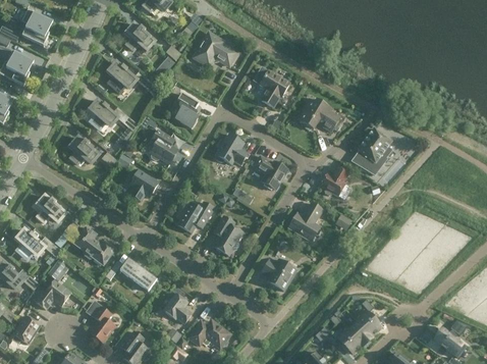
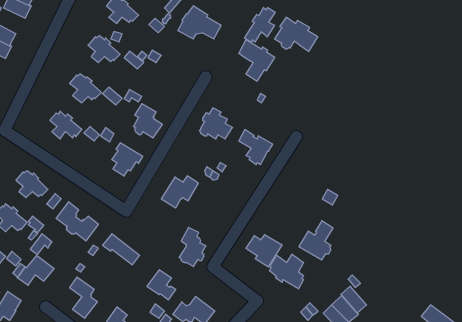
building: none -> [244,7,275,43]
building: [176,93,198,127] -> none
building: [296,98,339,132] -> [275,17,318,51]
building: [357,127,390,172] -> none
building: [318,166,347,196] -> none
building: [287,202,321,241] -> [299,221,333,260]
building: [213,216,239,255] -> [179,227,206,267]
building: none -> [269,254,304,289]

